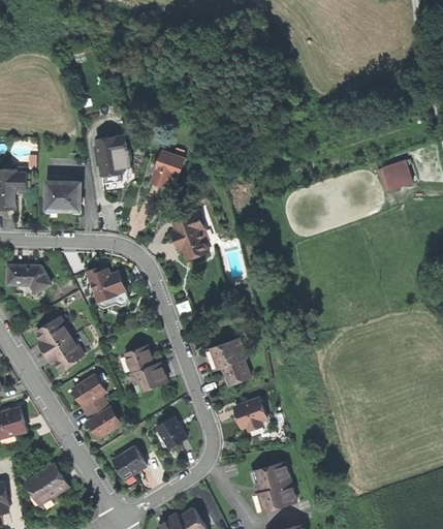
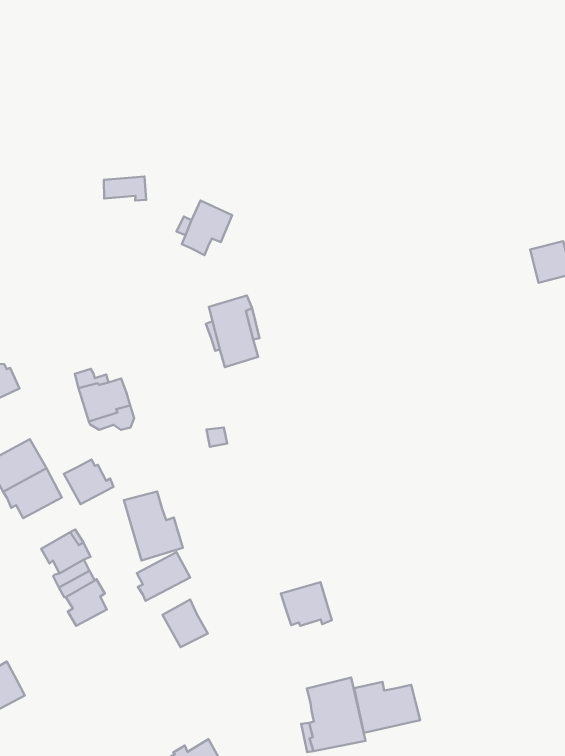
building: [98,150,122,175] -> none
building: [46,181,81,210] -> none
building: none -> [64,460,113,504]
building: [211,338,250,385] -> none
building: none -> [137,552,190,601]
building: [113,445,147,478] -> none
building: none -> [354,682,420,733]

